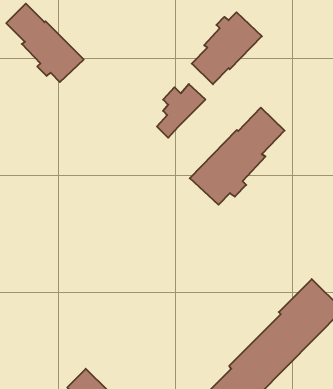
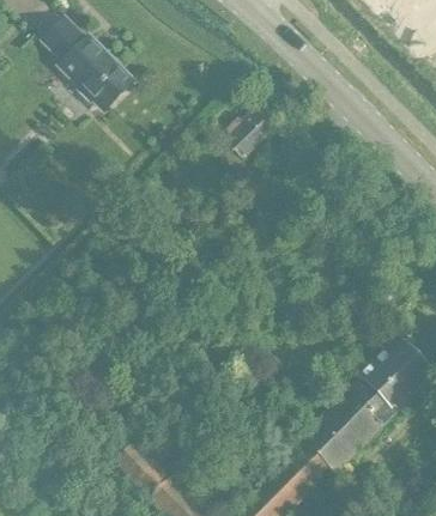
building: [192,12,262,84] -> none
building: [190,108,285,205] -> none

